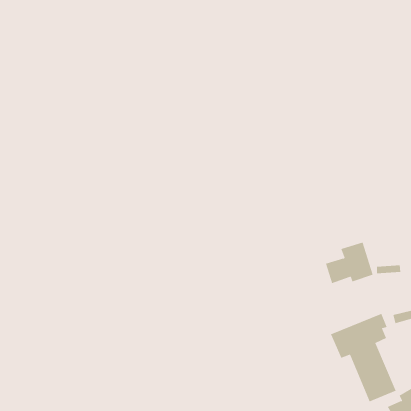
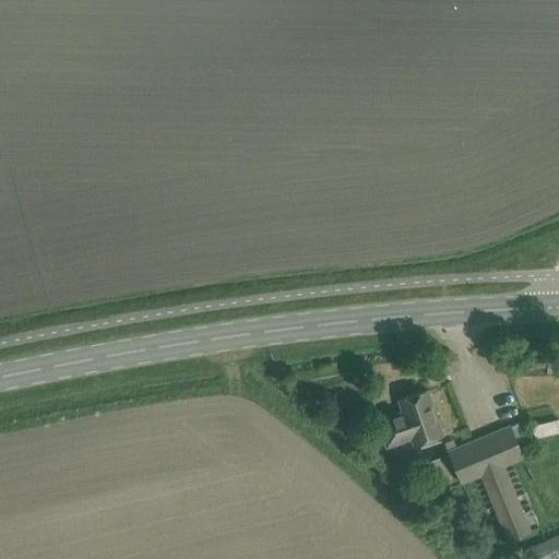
building: [325,242,374,284] -> [379,392,444,449]

